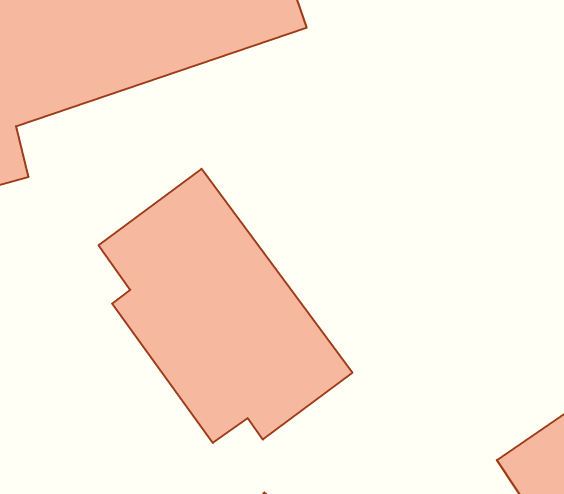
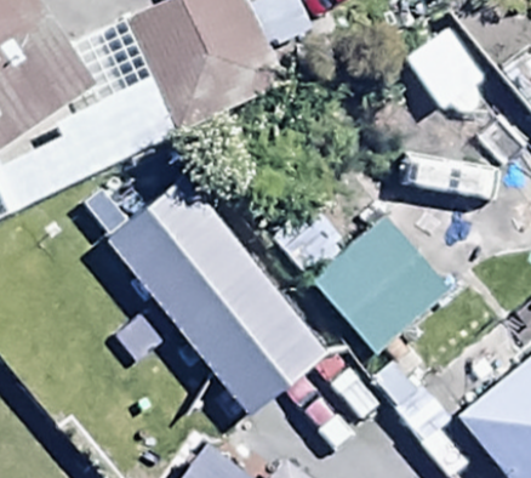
building: none -> [307,211,445,349]

